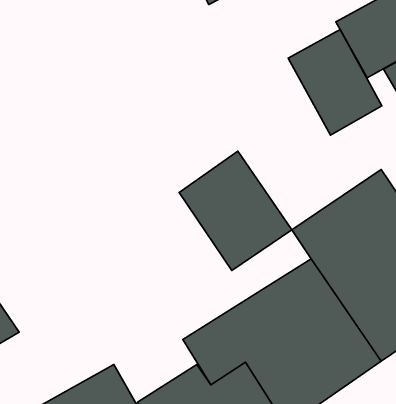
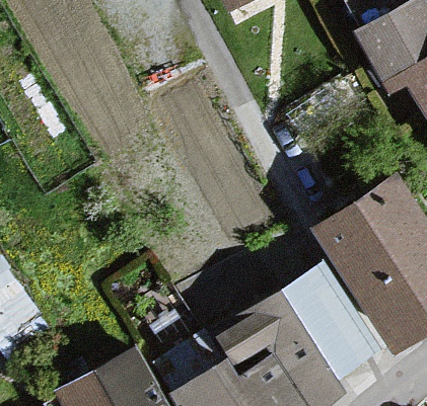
building: [288,30,382,135] -> none
building: [179,151,292,271] -> none

